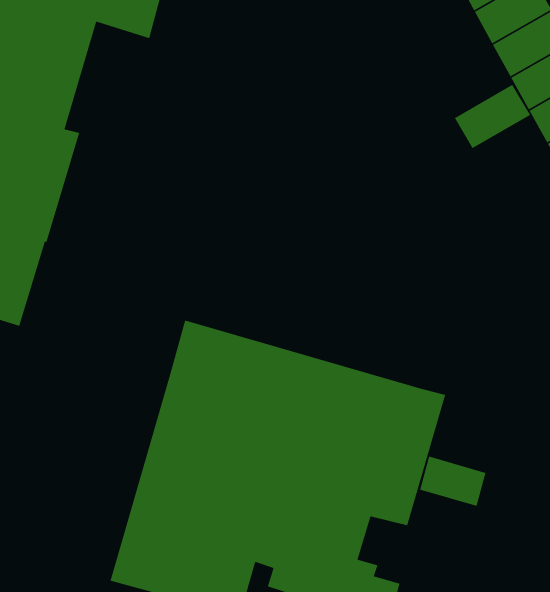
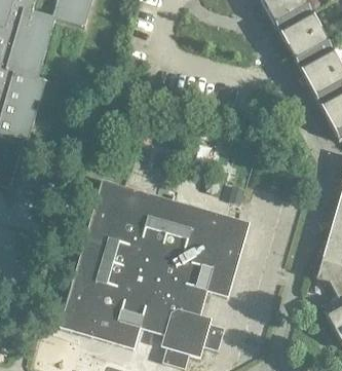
building: [454,84,531,149] -> none
building: [419,456,487,507] -> none

